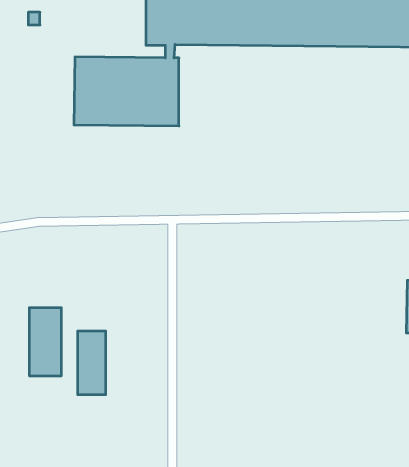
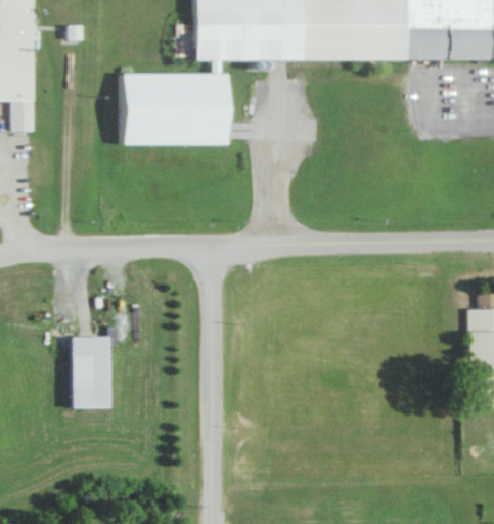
building: [78,331,106,395] -> none

